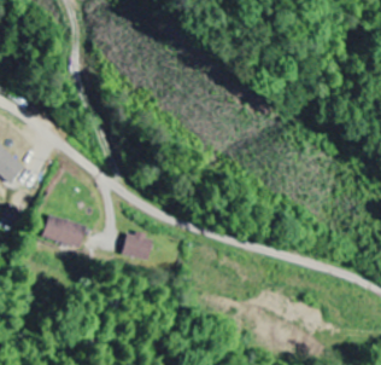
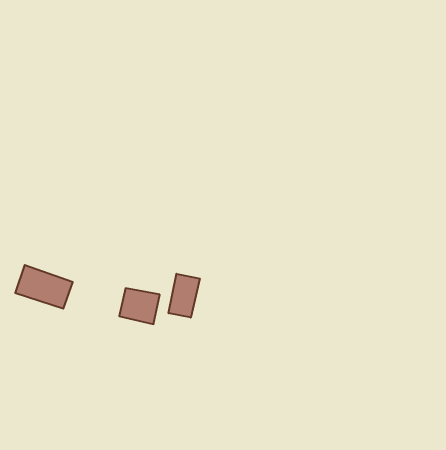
building: none -> [169,274,200,318]

